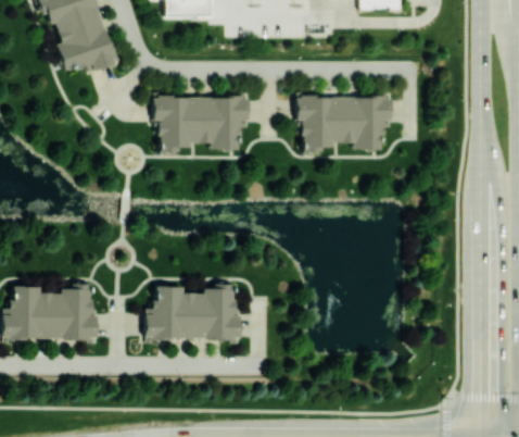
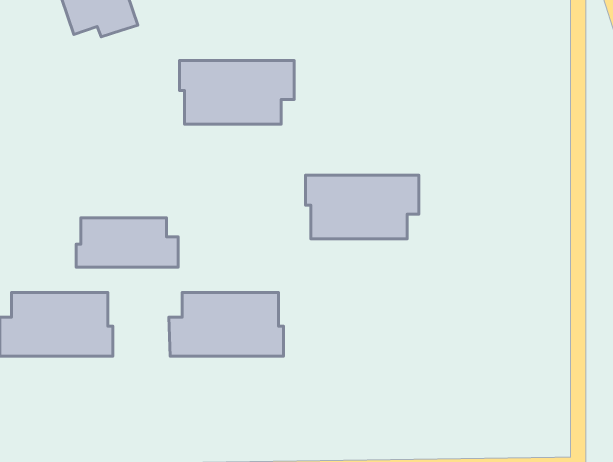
building: [298,92,392,146] -> [305,175,419,239]
building: none -> [76,218,178,267]

